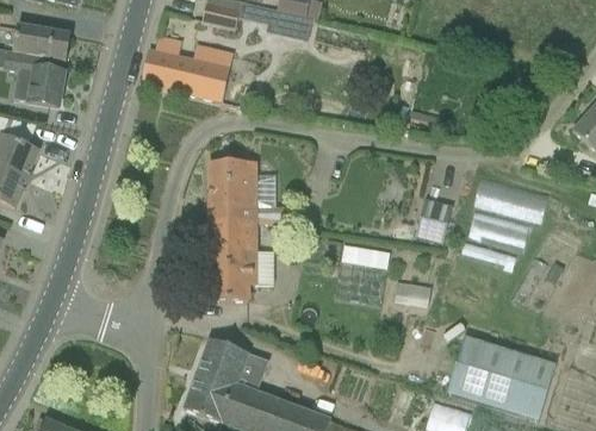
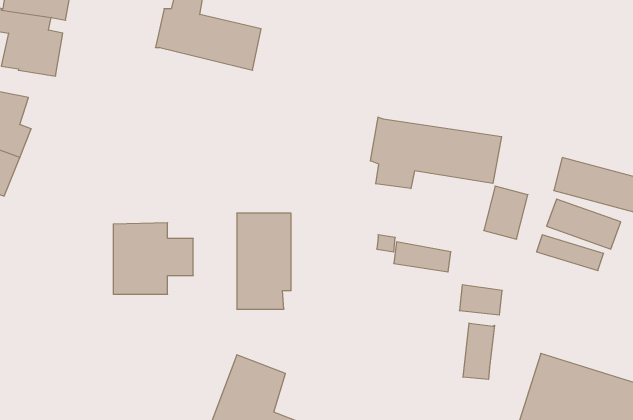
building: none -> [370,117,502,189]
building: [210,160,277,219] -> [113,223,193,294]
building: none -> [463,323,494,379]

